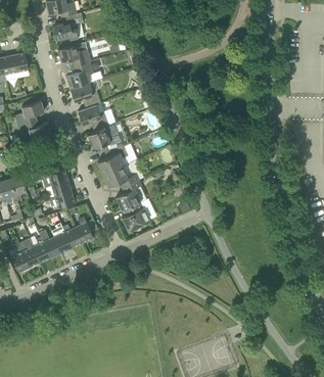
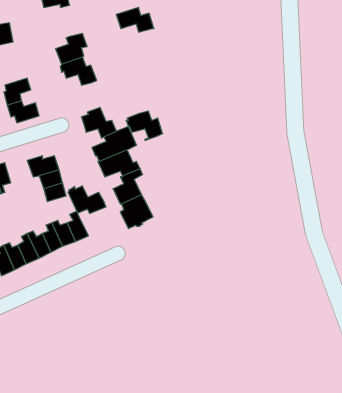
building: [57,44,90,65] -> [116,7,154,32]
building: [77,105,108,131] -> [126,111,163,140]
building: none -> [68,186,106,214]

